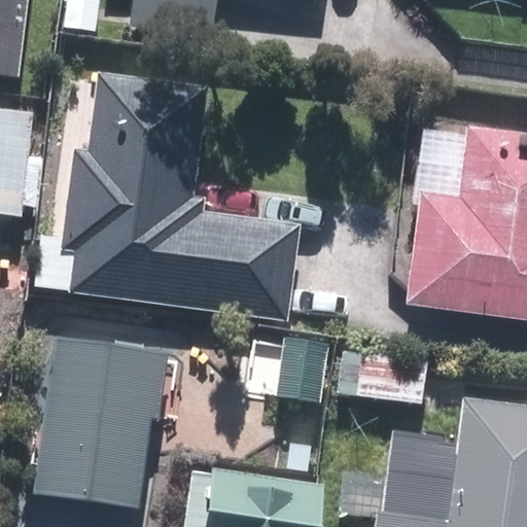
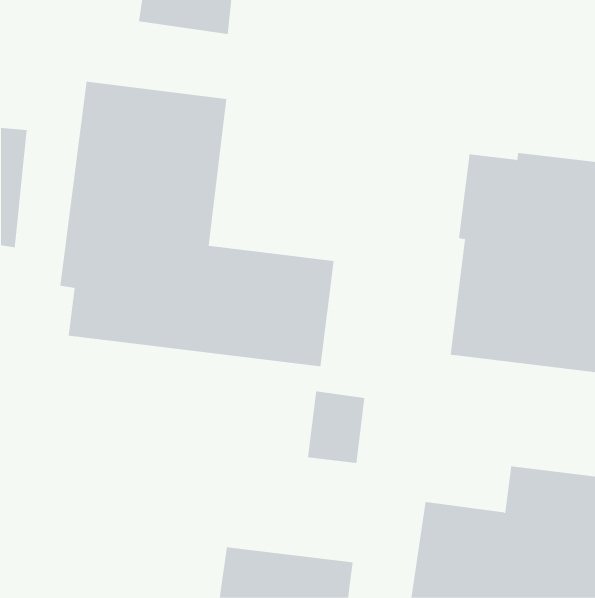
building: [32,338,157,507] -> none

